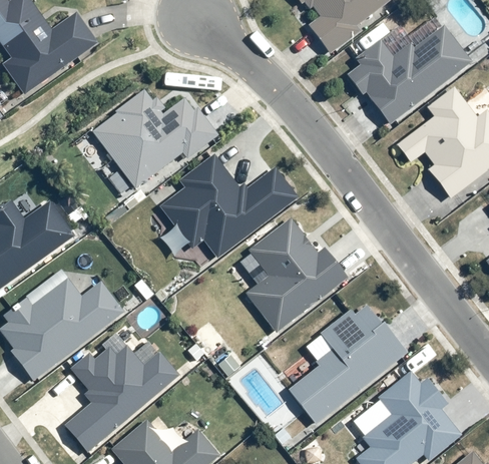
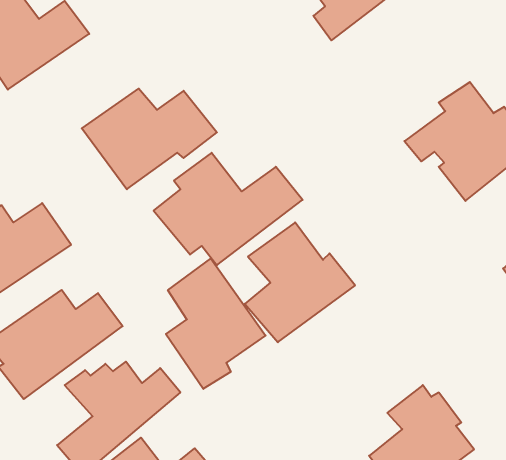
building: [347,23,468,121] -> none
building: none -> [166,259,266,389]
building: [287,301,406,422] -> none

